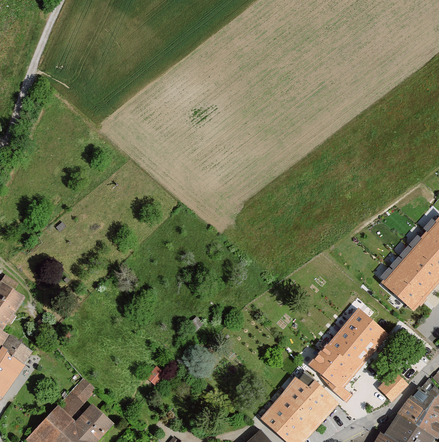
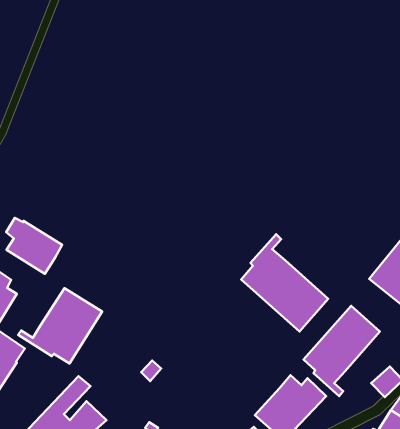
building: none -> [6,218,62,274]
building: none -> [241,234,328,331]
building: none -> [18,288,102,363]

